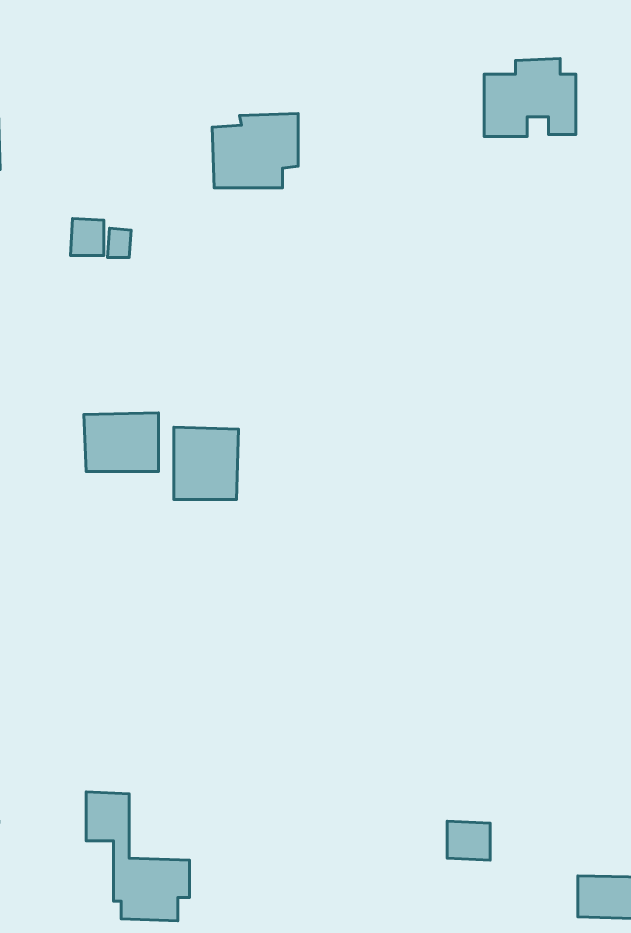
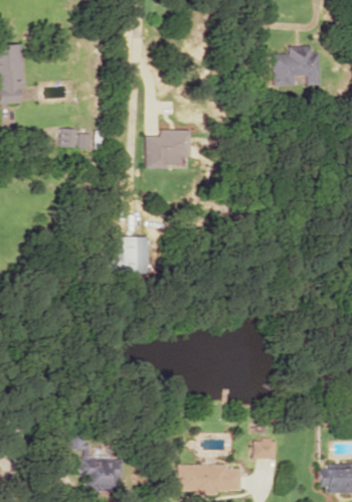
building: [212,114,298,188] -> [146,130,190,168]
building: [84,413,159,472] -> none
building: none -> [180,465,242,492]

